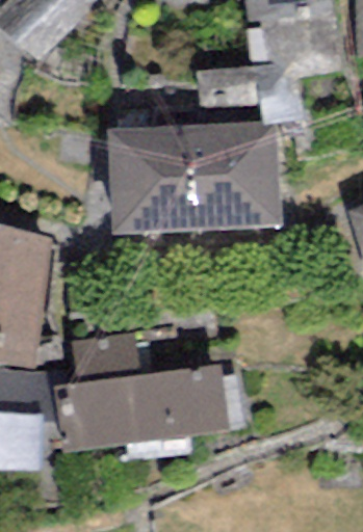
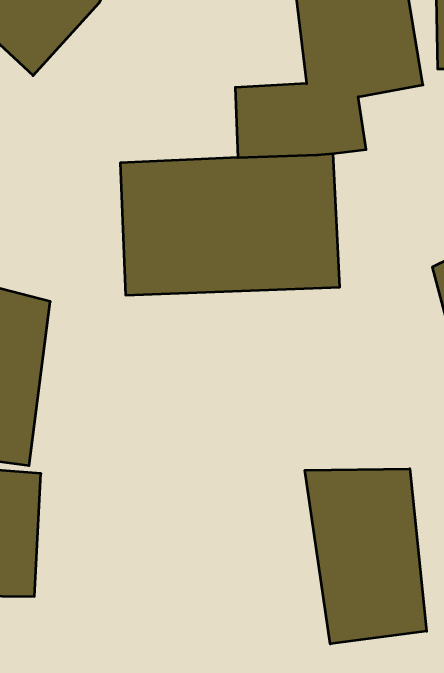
building: [53,330,228,453] -> none
building: none -> [305,469,427,644]

